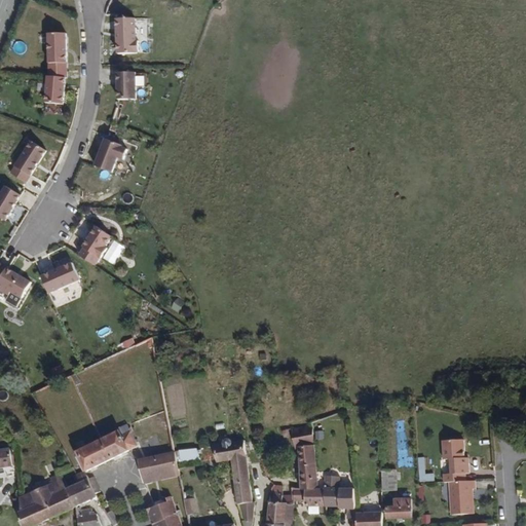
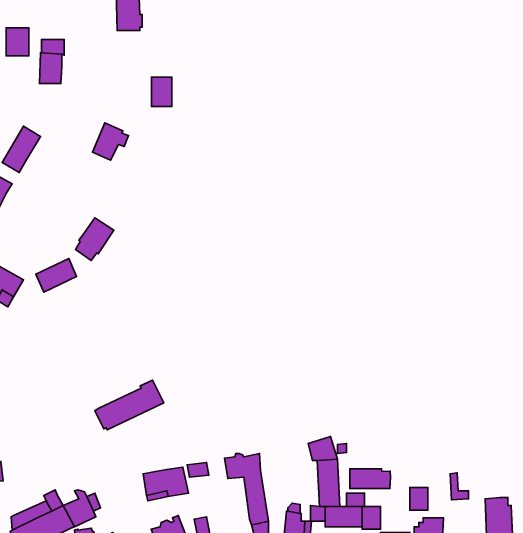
building: [45,37,66,63] -> [6,28,29,56]
building: [114,72,133,99] -> [151,77,172,106]
building: [74,424,137,469] -> [95,380,164,430]
building: [440,439,466,481] -> none
building: none -> [350,469,391,489]

